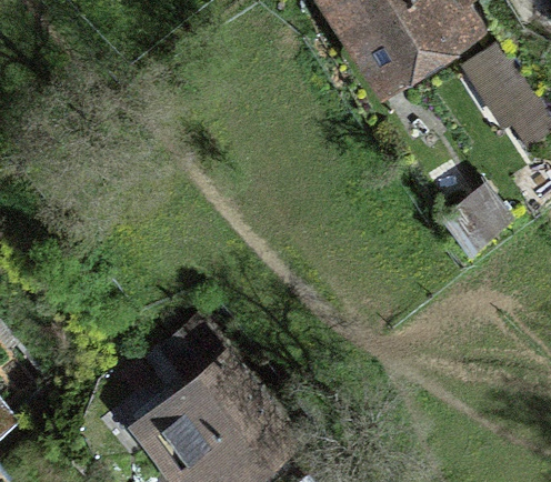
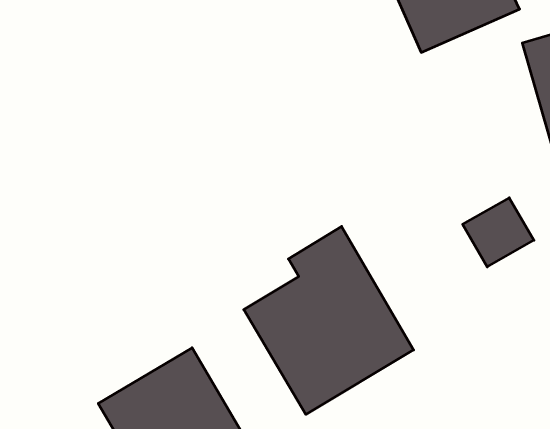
building: none -> [244,226,414,414]

